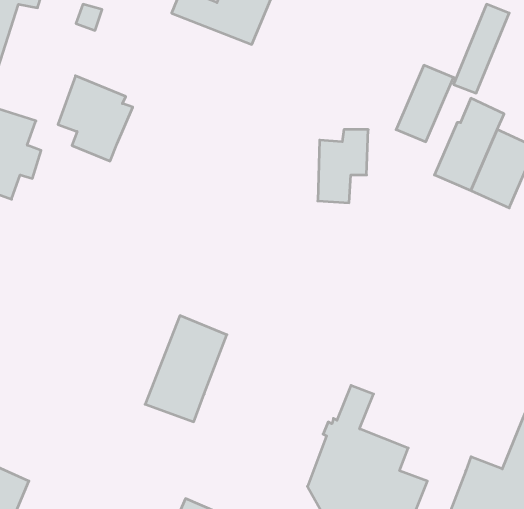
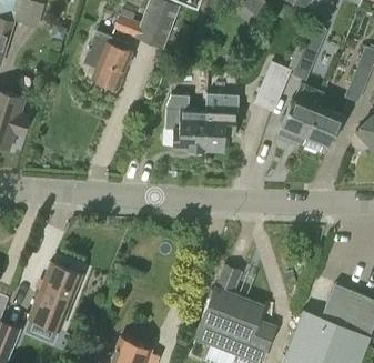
building: [58,76,133,161] -> [85,34,133,89]
building: none -> [166,94,206,151]
building: [145,316,227,422] -> [29,263,81,331]

